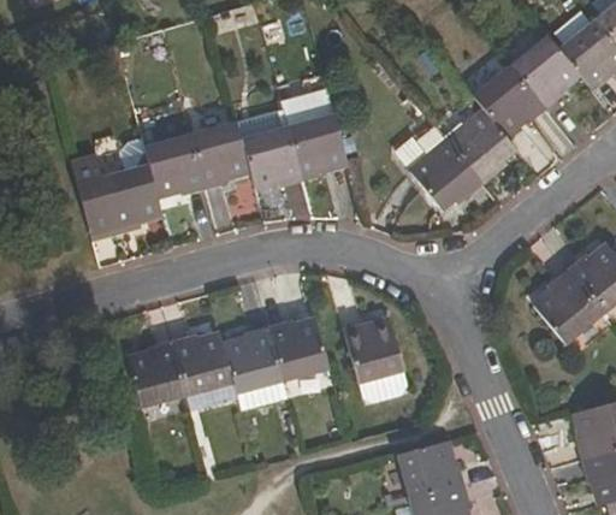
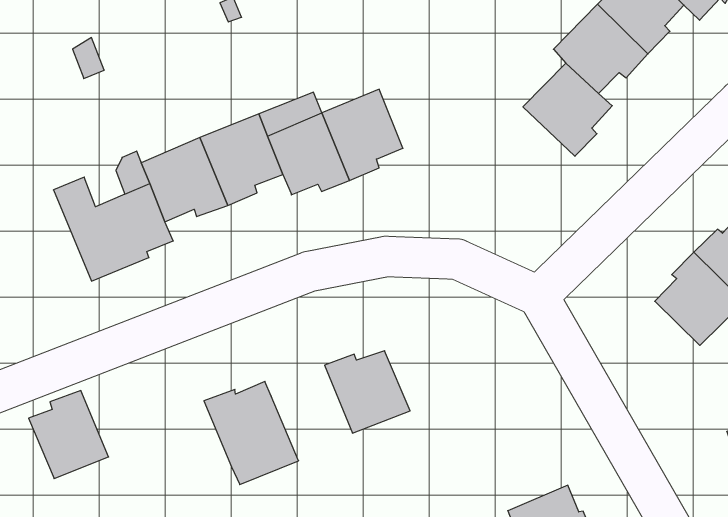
building: [408,140,481,208] -> none
building: [342,318,408,403] -> none
building: [223,324,288,410] -> none
building: [126,341,185,407] -> [29,391,109,479]

